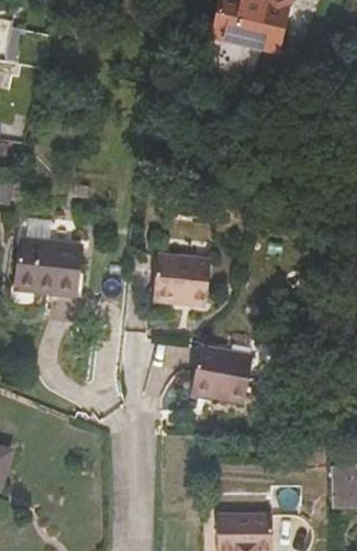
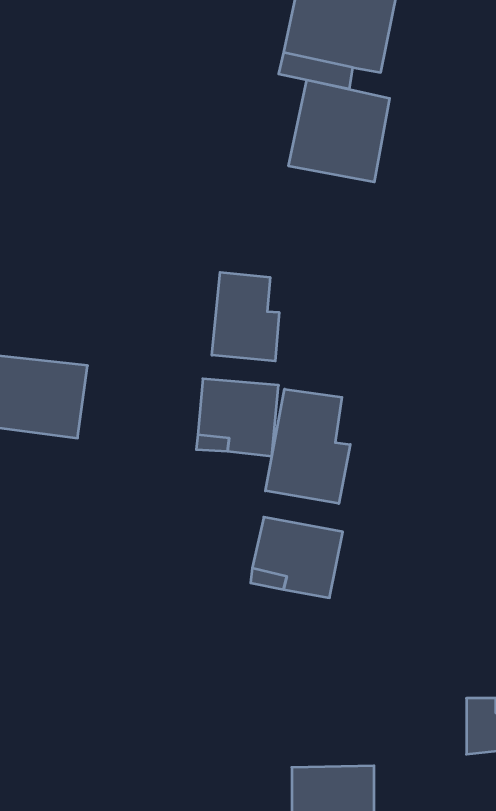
building: none -> [289,80,390,182]
building: none -> [212,272,279,361]
building: none -> [265,389,350,504]

